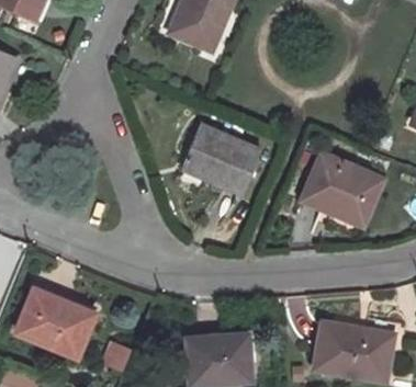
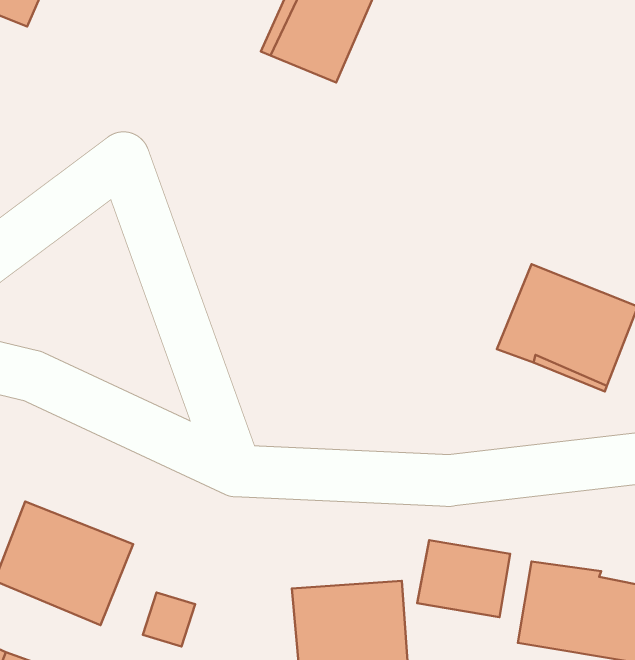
building: [181,124,261,193] -> none
building: none -> [417,540,510,617]

